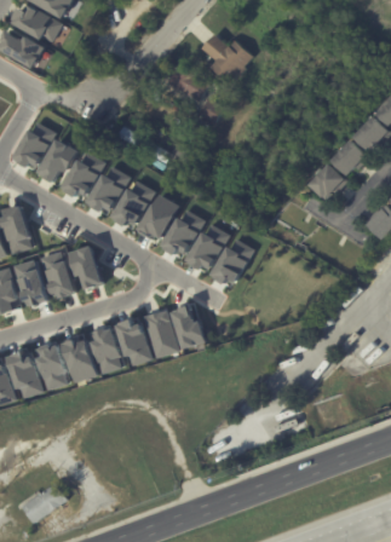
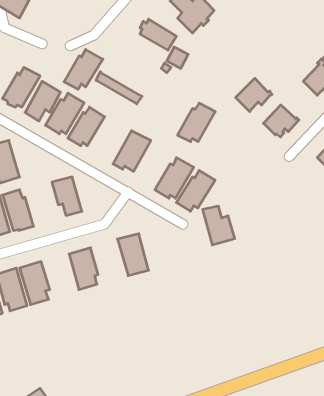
building: [328,139,369,177] -> [236,78,272,112]
building: [111,180,155,225] -> [64,49,103,89]
building: [161,211,203,254] -> [178,103,215,142]
building: [40,252,76,298] -> none
building: [171,306,207,350] -> [203,206,235,245]
building: [116,318,150,365] -> none
building: [62,335,97,381] -> none

